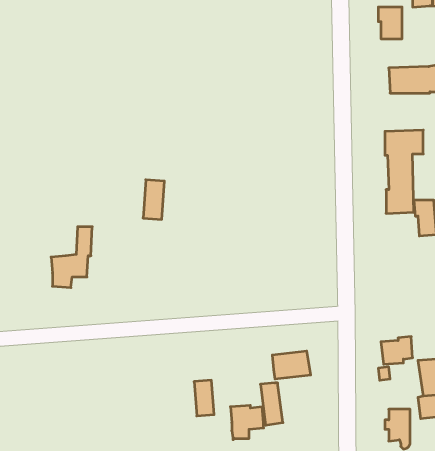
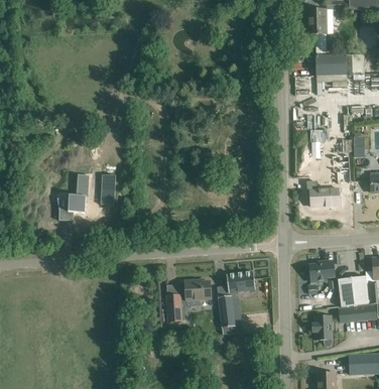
building: [143,180,164,219] -> [100,174,116,205]
building: none -> [310,180,339,206]
building: [230,405,264,440] -> [185,280,211,306]

